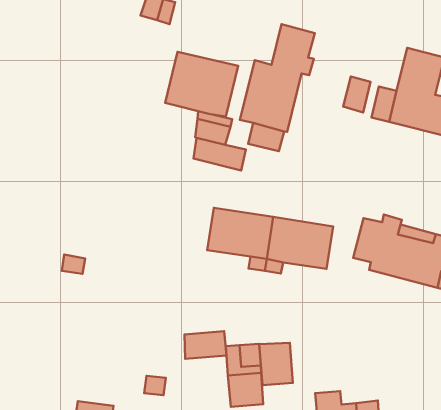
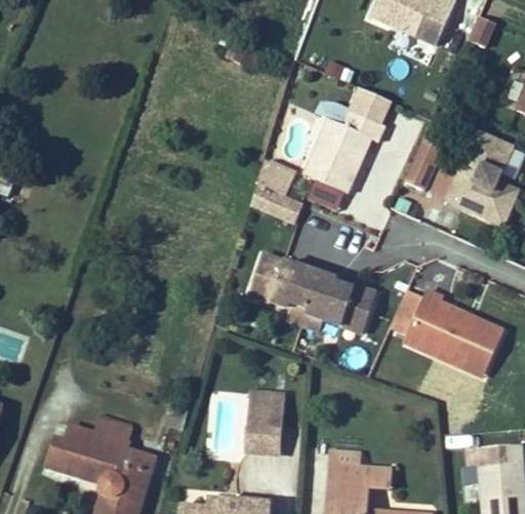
building: [165,52,238,117] -> none
building: [184,331,226,359] -> none
building: [259,343,293,385] -> none

